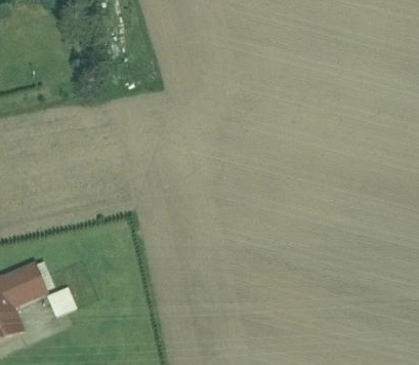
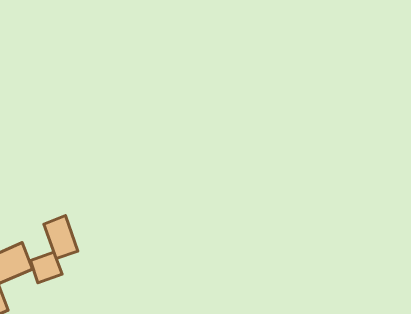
building: none -> [44,216,78,258]

